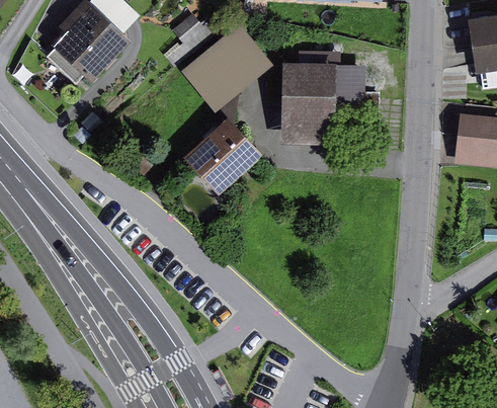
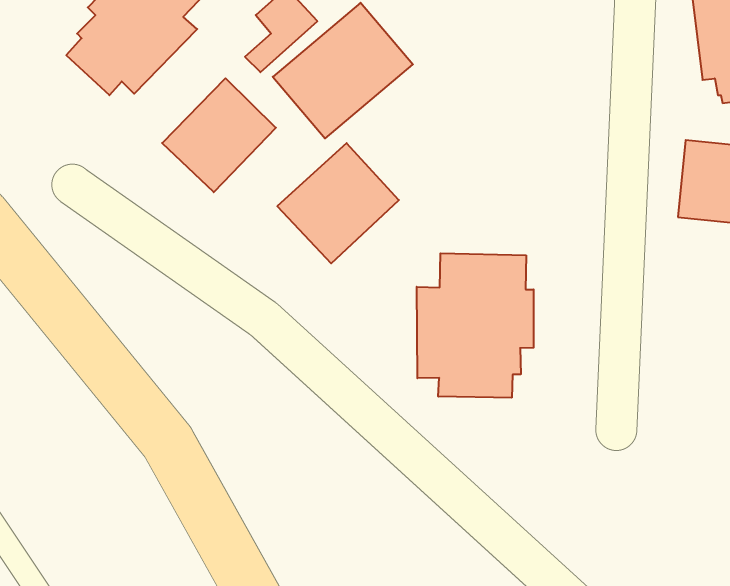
building: [284,53,381,142] -> none
building: none -> [162,78,276,192]
building: none -> [417,253,534,398]

